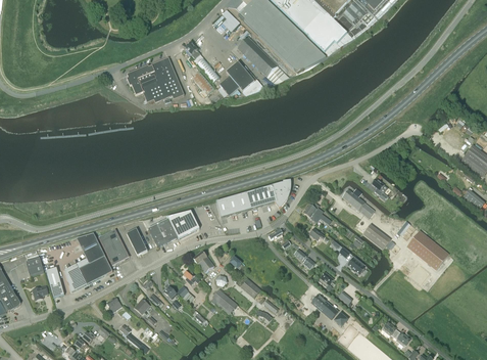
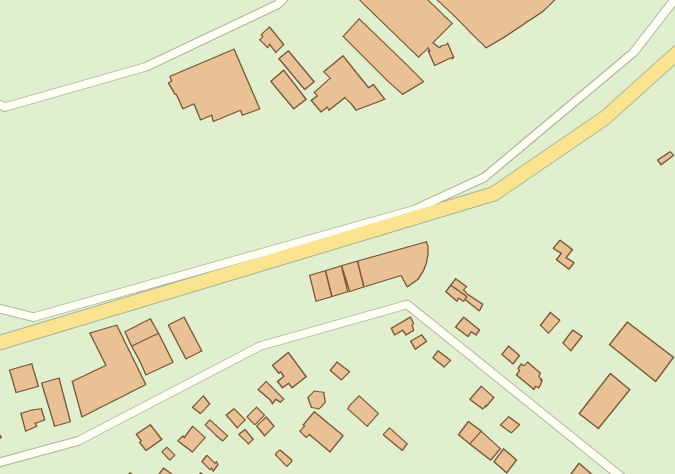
building: [341,187,374,217] -> none
building: [147,210,198,245] -> none
building: none -> [579,373,630,429]

